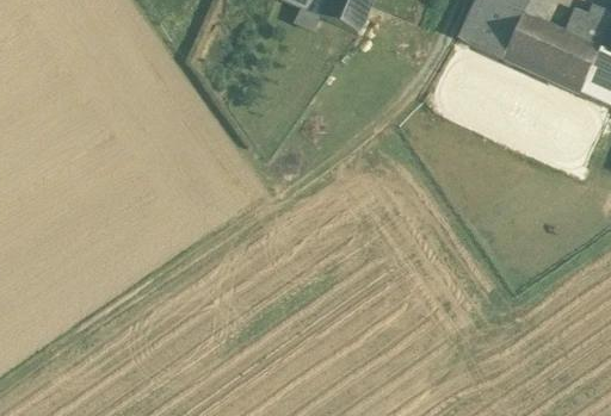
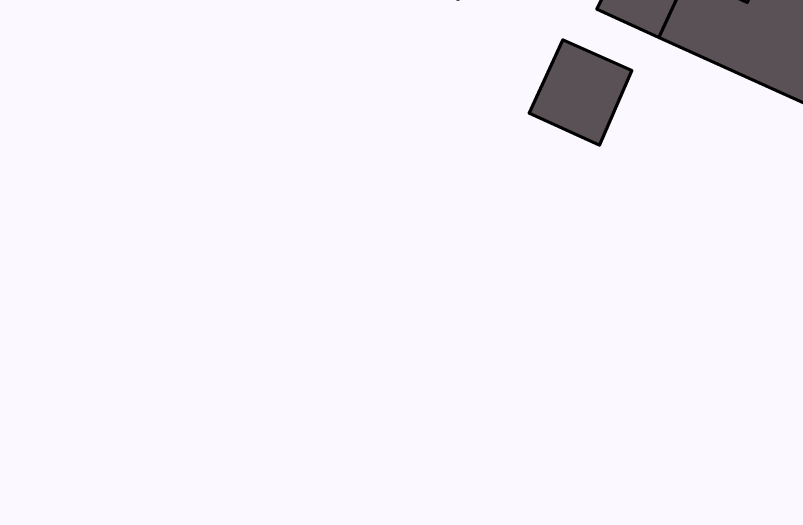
building: none -> [529,40,632,145]

